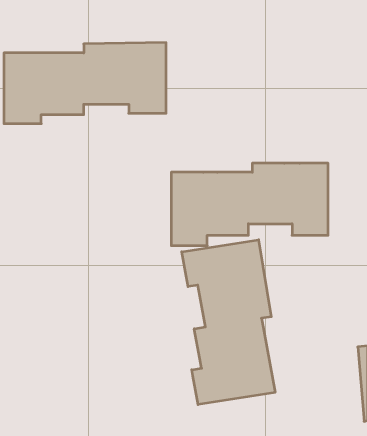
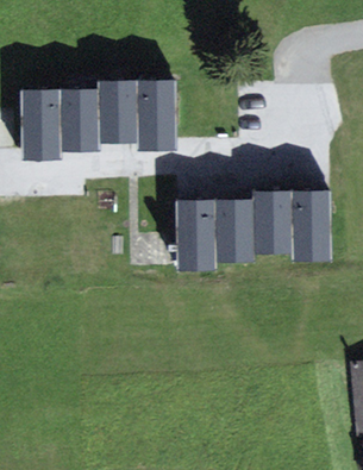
building: [182,240,275,405] -> none

